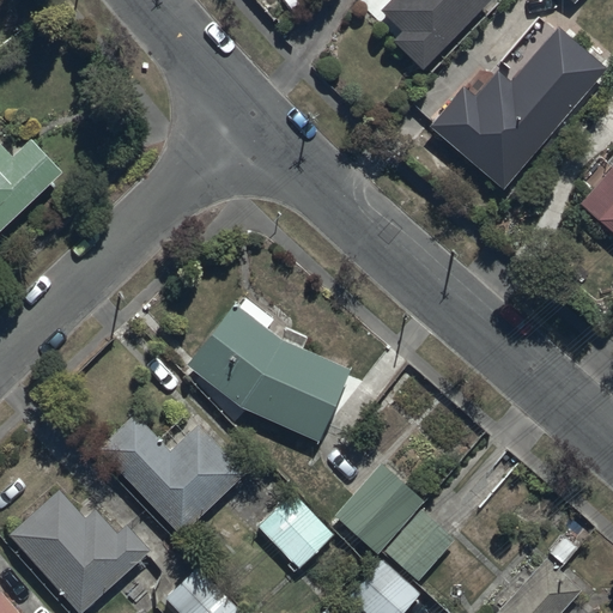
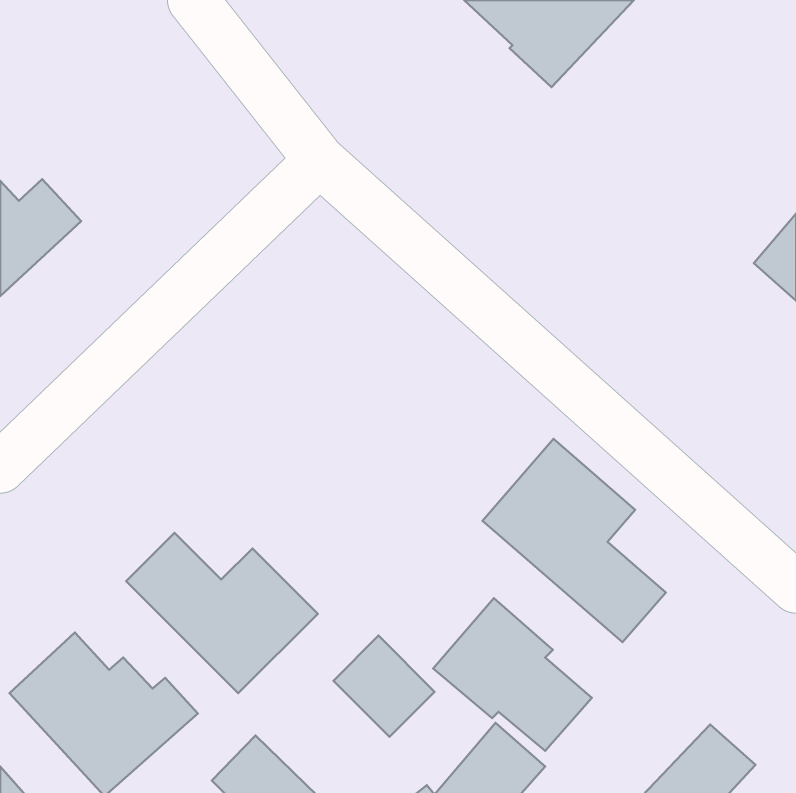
building: [429,26,605,189] -> none
building: [189,298,351,443] -> none
building: none -> [482,439,666,642]

